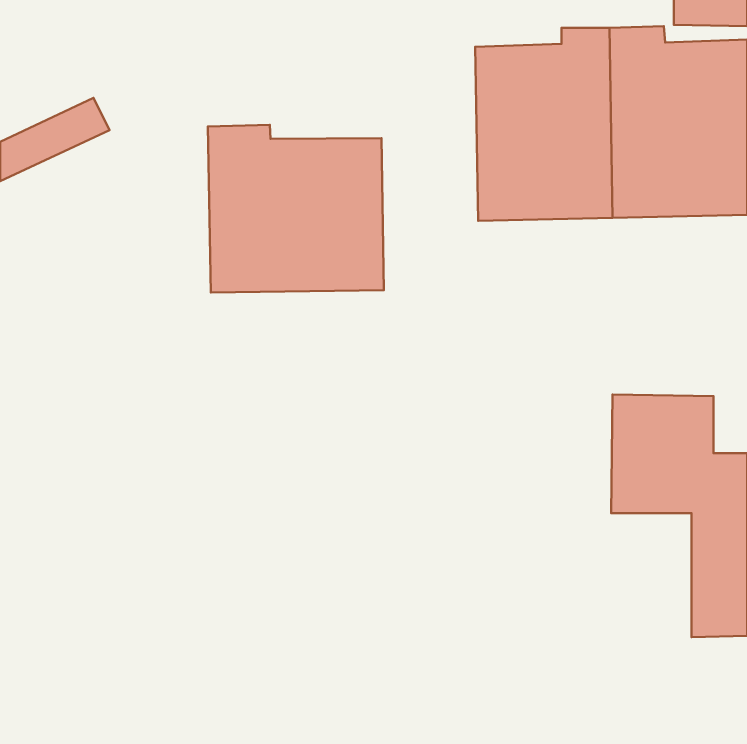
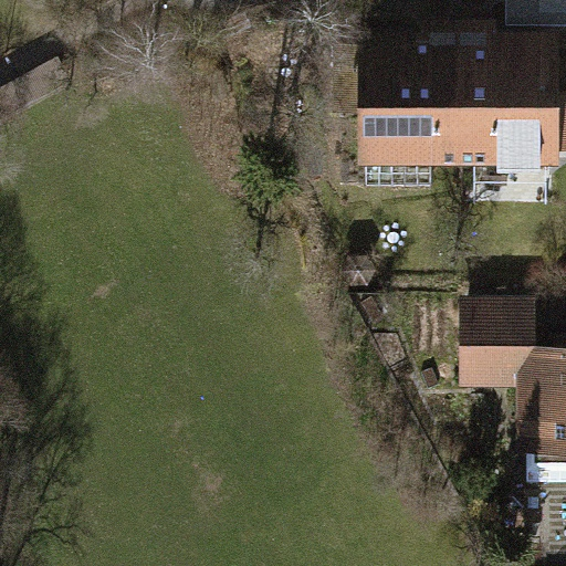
building: [208,125,384,293] -> none

